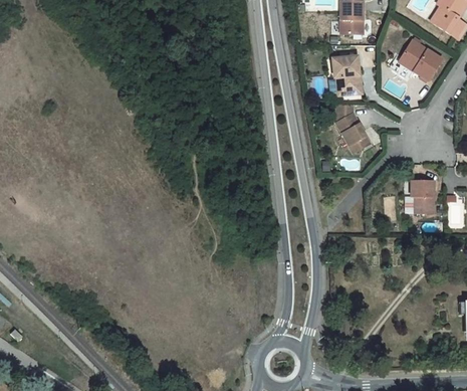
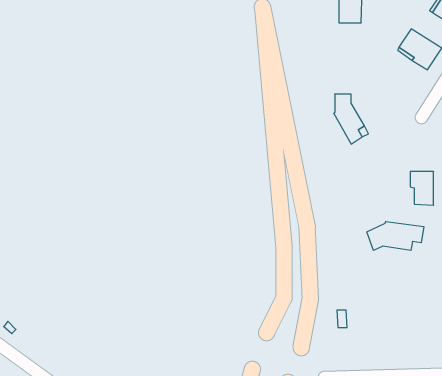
building: [332,55,362,94] -> none
building: none -> [367,221,424,250]

